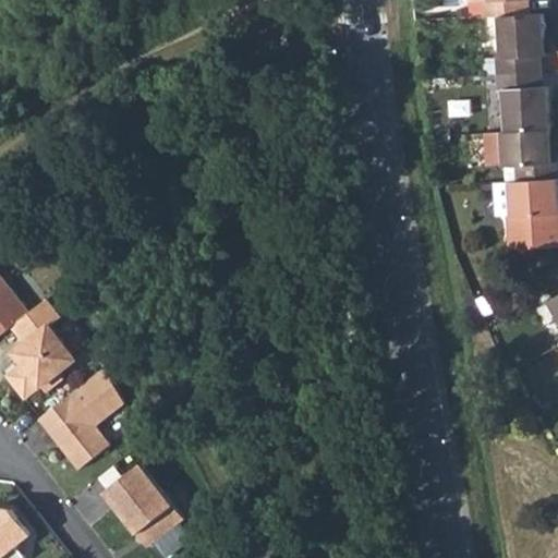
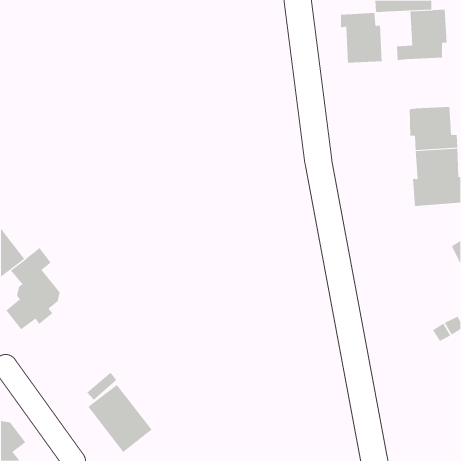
building: [493,70,544,131] -> [340,13,383,63]
building: [39,366,126,470] -> none

